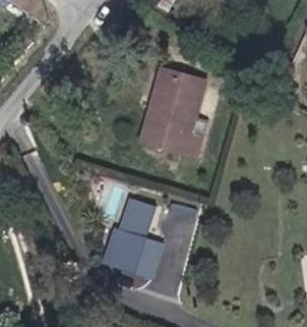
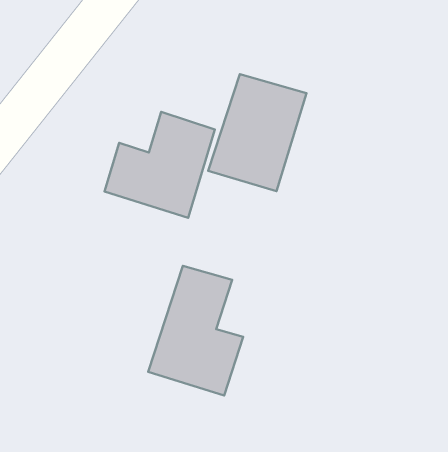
building: none -> [104,112,215,218]

